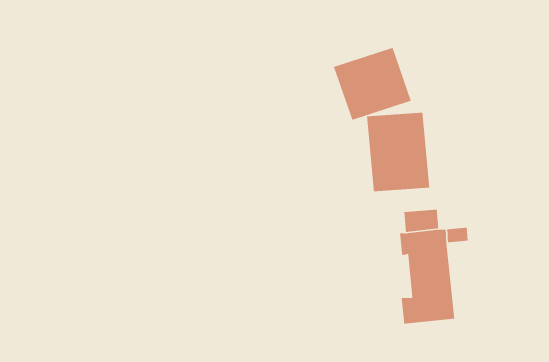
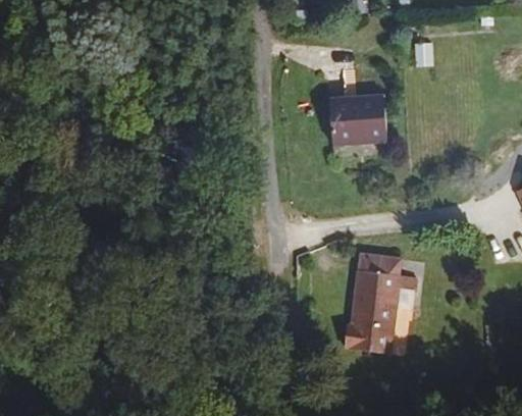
building: [366,112,430,192] -> none

